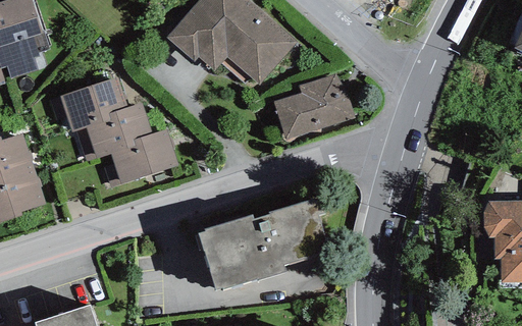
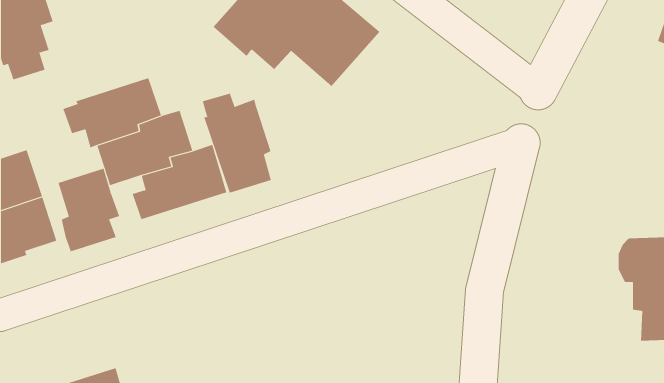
building: [273,74,354,140] -> none
building: none -> [202,93,272,194]
building: none -> [58,168,120,252]
building: [197,198,328,287] -> none

